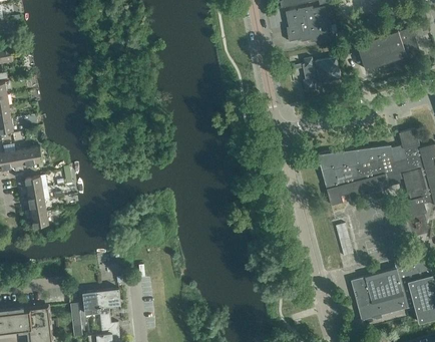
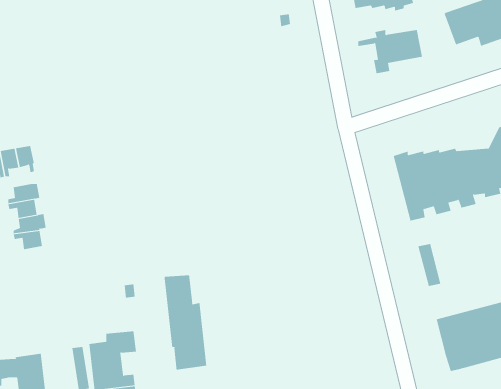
building: none -> [164,274,207,370]

